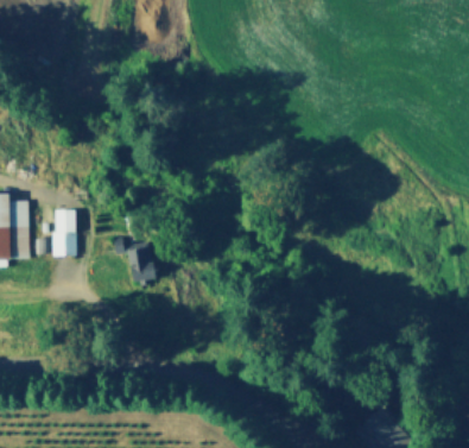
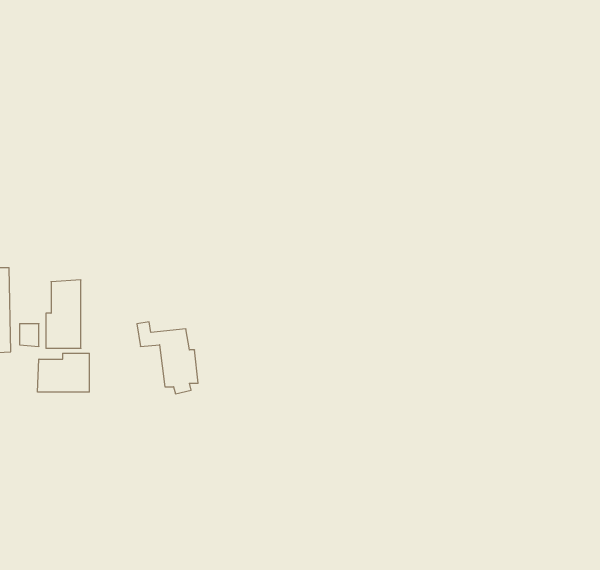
building: none -> [38,353,89,392]

